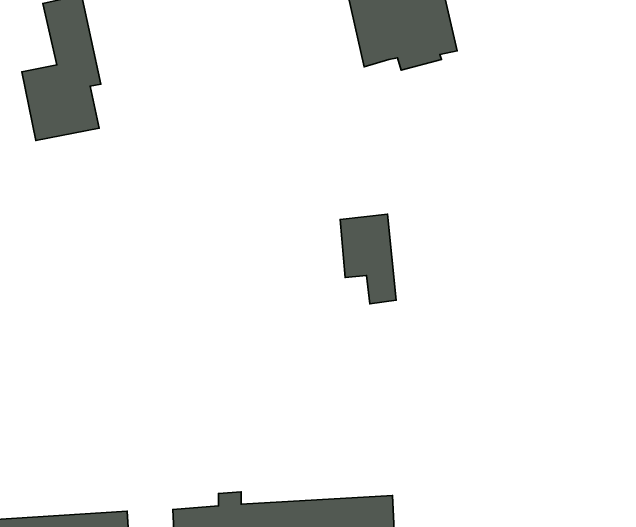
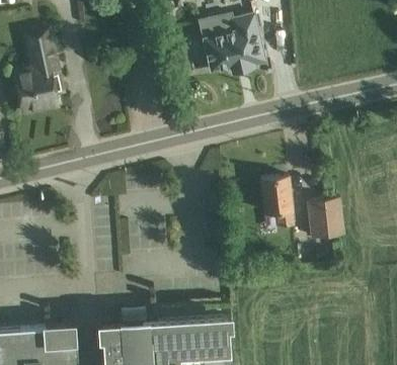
building: [340,214,396,304] -> [261,179,294,231]
building: none -> [308,199,344,240]

